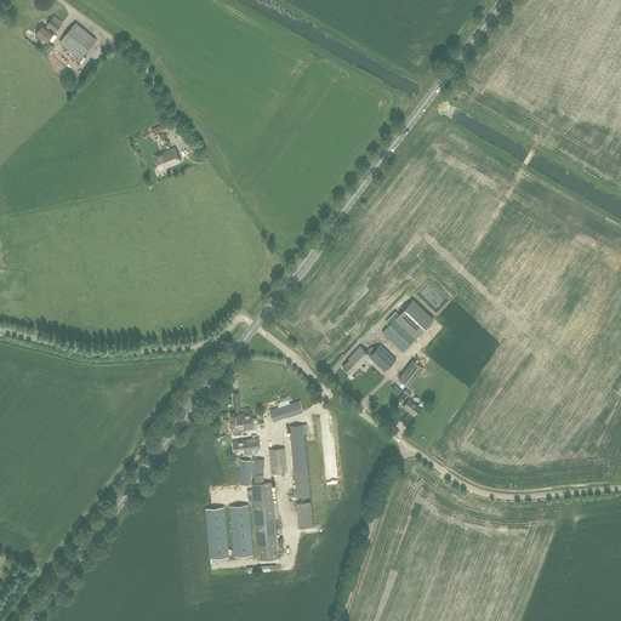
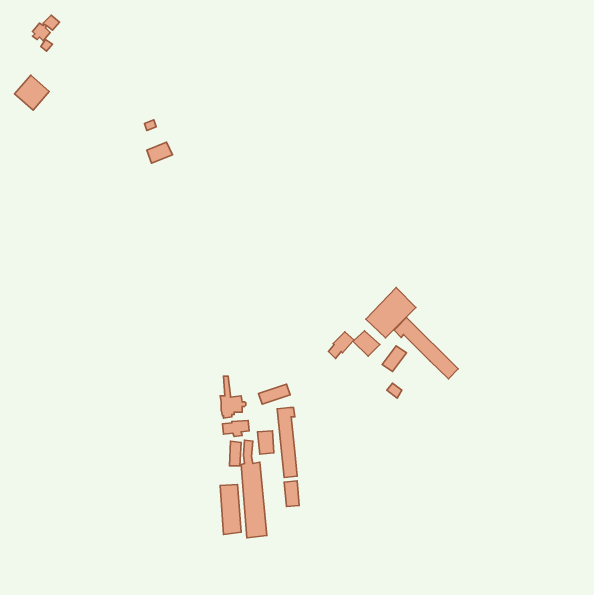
building: [58,23,95,59] -> [14,75,49,110]
building: none -> [394,317,458,379]
building: [205,507,227,558] -> none

